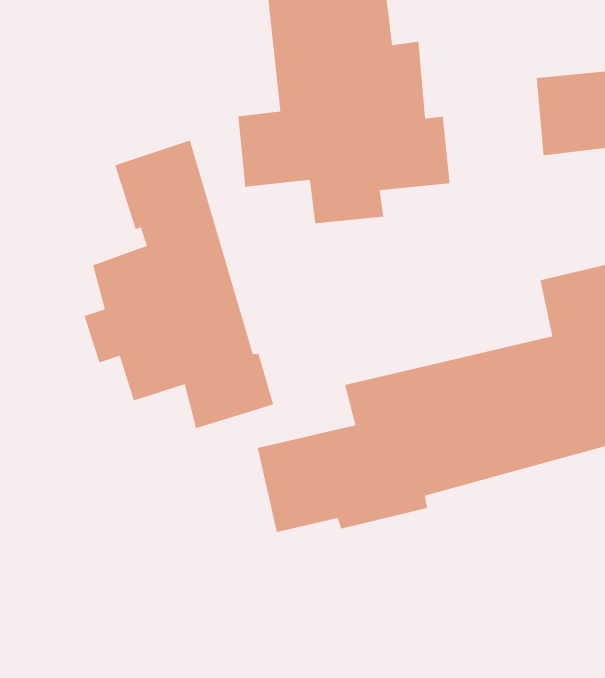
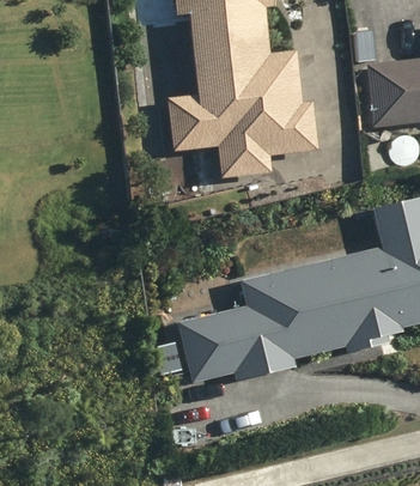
building: [84,140,274,429] -> none

